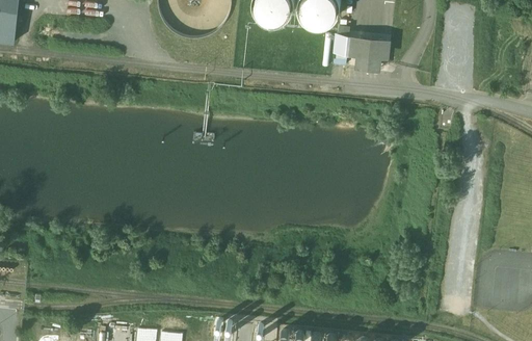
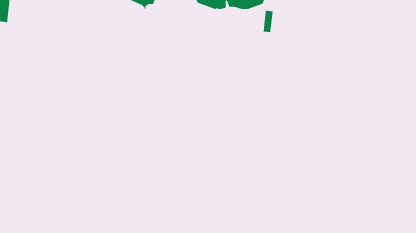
building: [356,41,380,72] -> none

